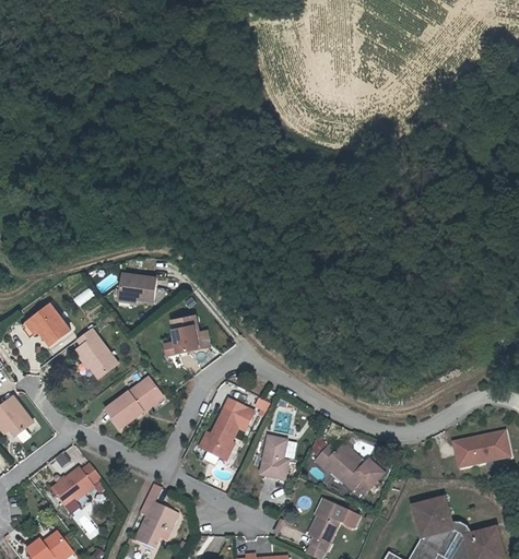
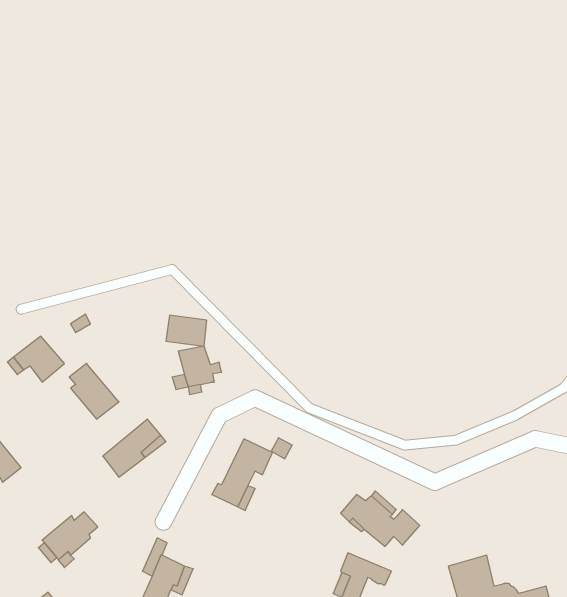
building: [119,271,155,298] -> [166,315,207,346]
building: [460,432,506,462] -> none
building: [262,436,287,477] -> none

